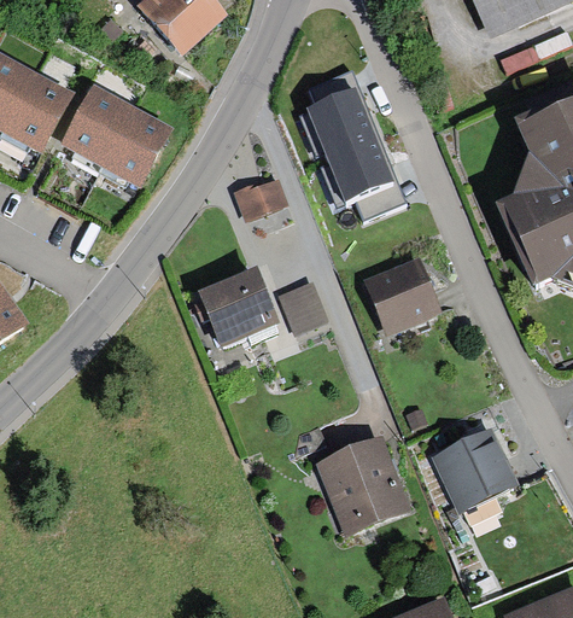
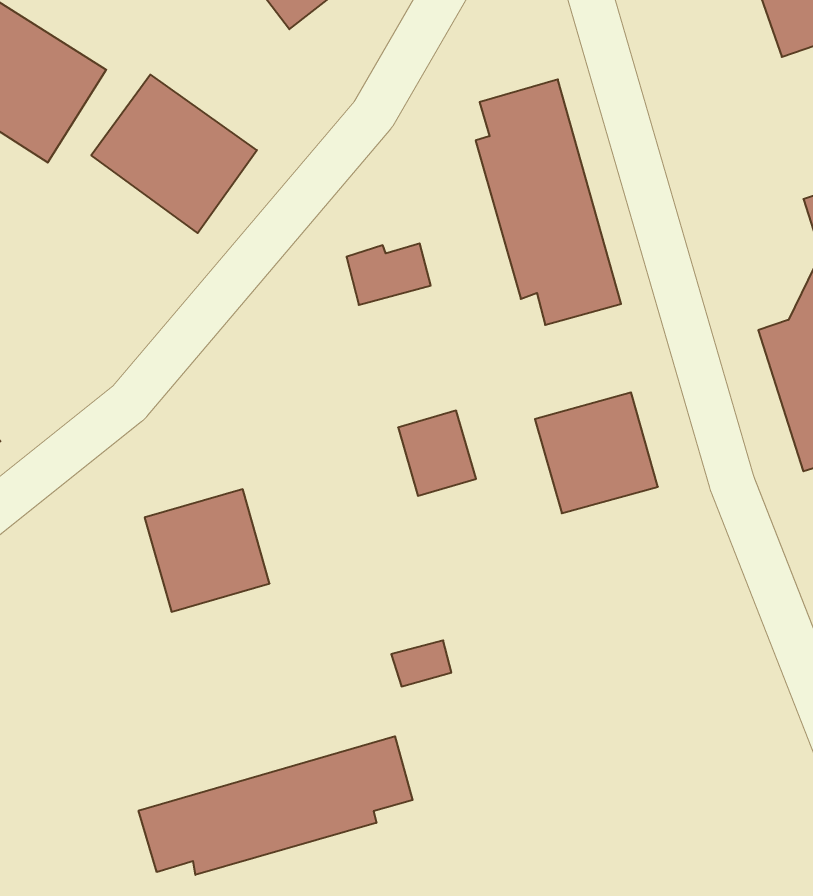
building: [198,269,280,350] -> [145,489,270,612]
building: [432,427,519,513] -> none
building: [315,436,413,536] -> none
building: none -> [139,736,413,875]

